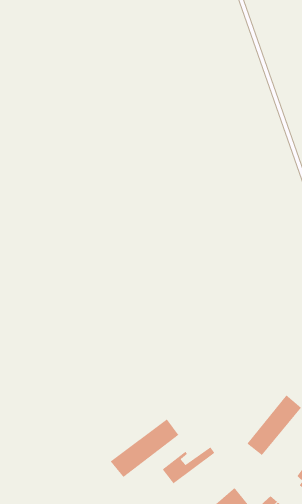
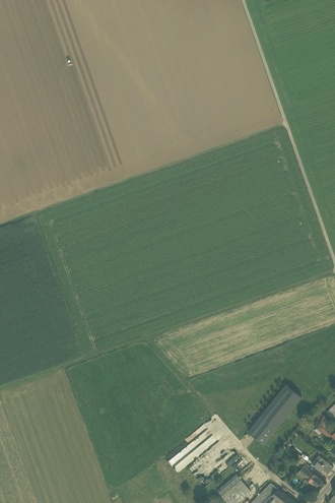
building: [110,419,179,478] -> none

